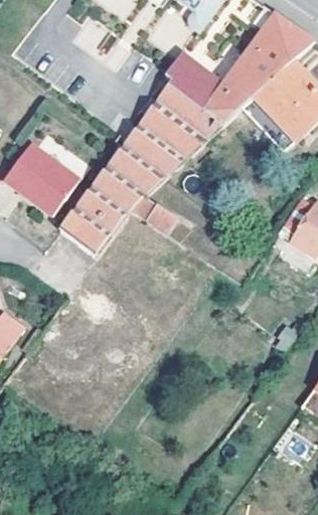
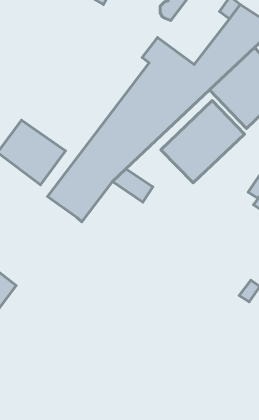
building: none -> [161,100,244,183]

